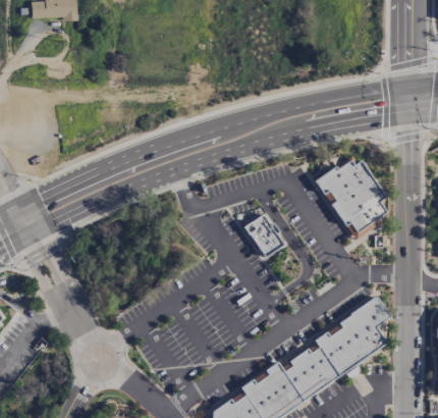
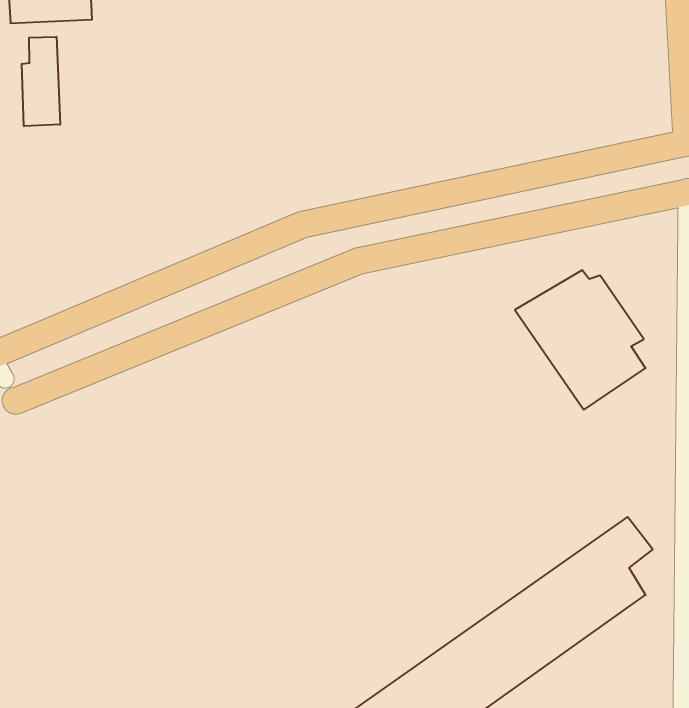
building: none -> [22,37,60,126]
building: [242,214,285,261] -> none

